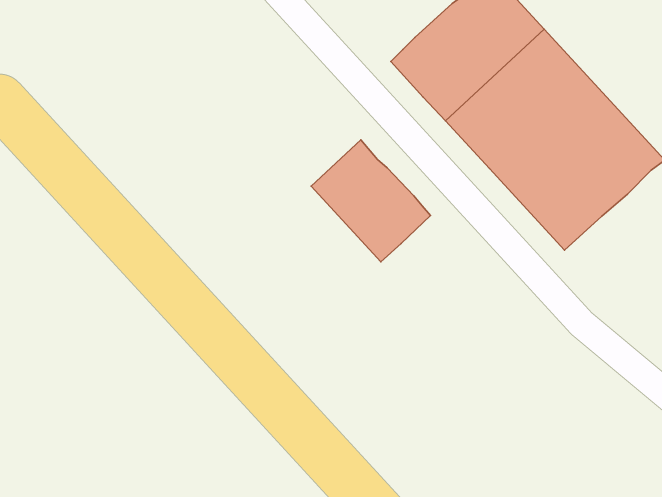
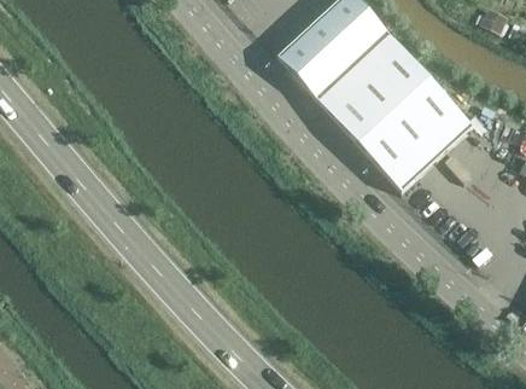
building: [311,140,430,262] -> none

